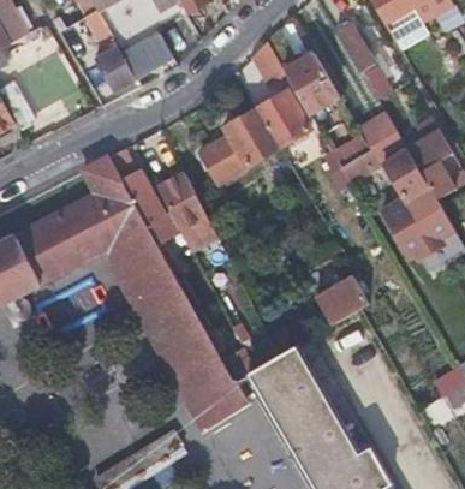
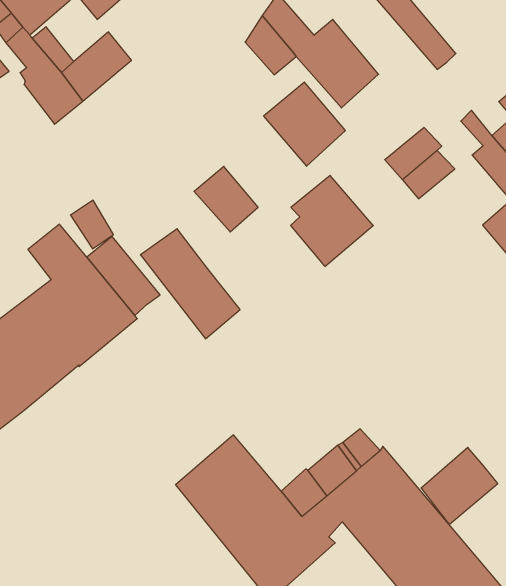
building: [221,109,276,169] -> [291,175,373,266]
building: [101,229,196,345] -> none
building: [315,275,366,324] -> [421,447,498,525]

